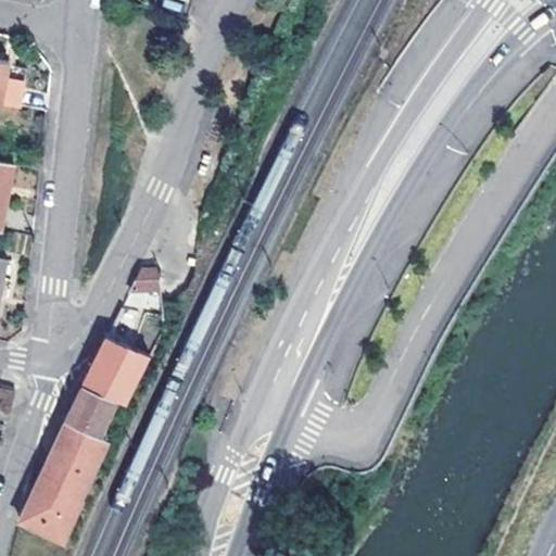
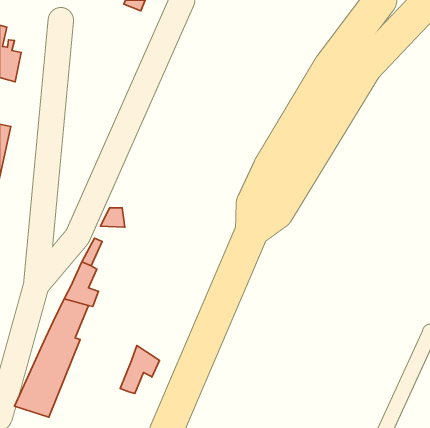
building: none -> [120,345,159,394]

